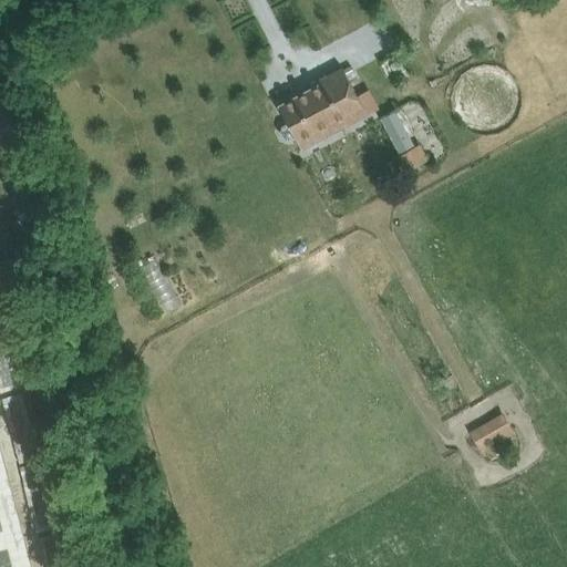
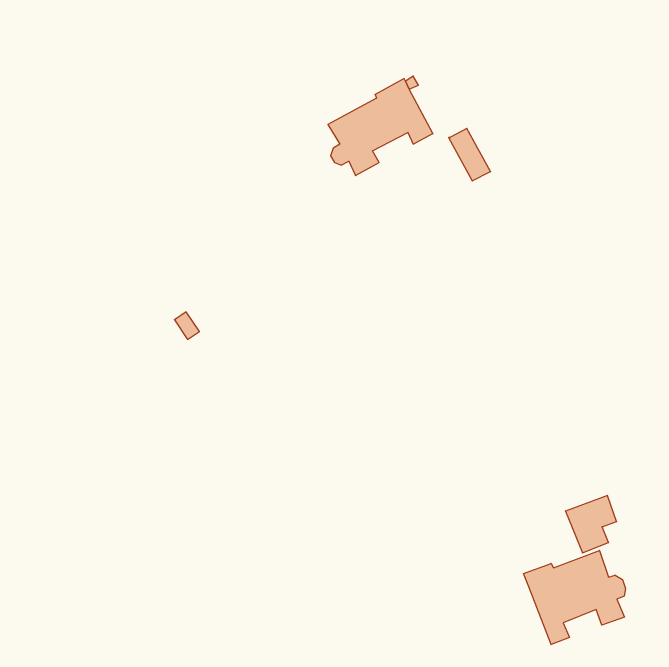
building: none -> [524,550,626,645]

